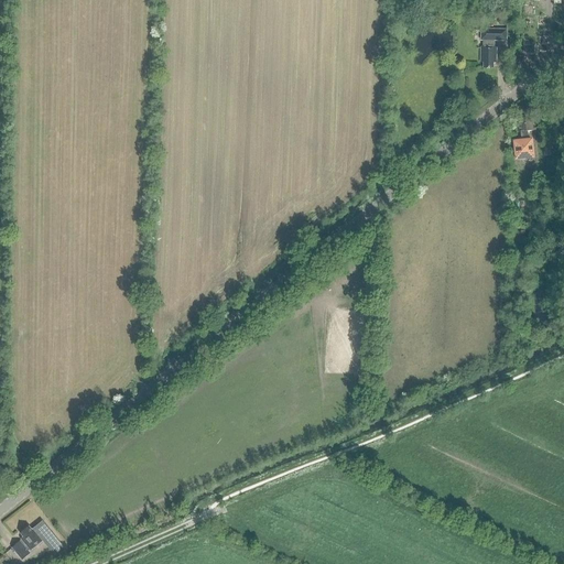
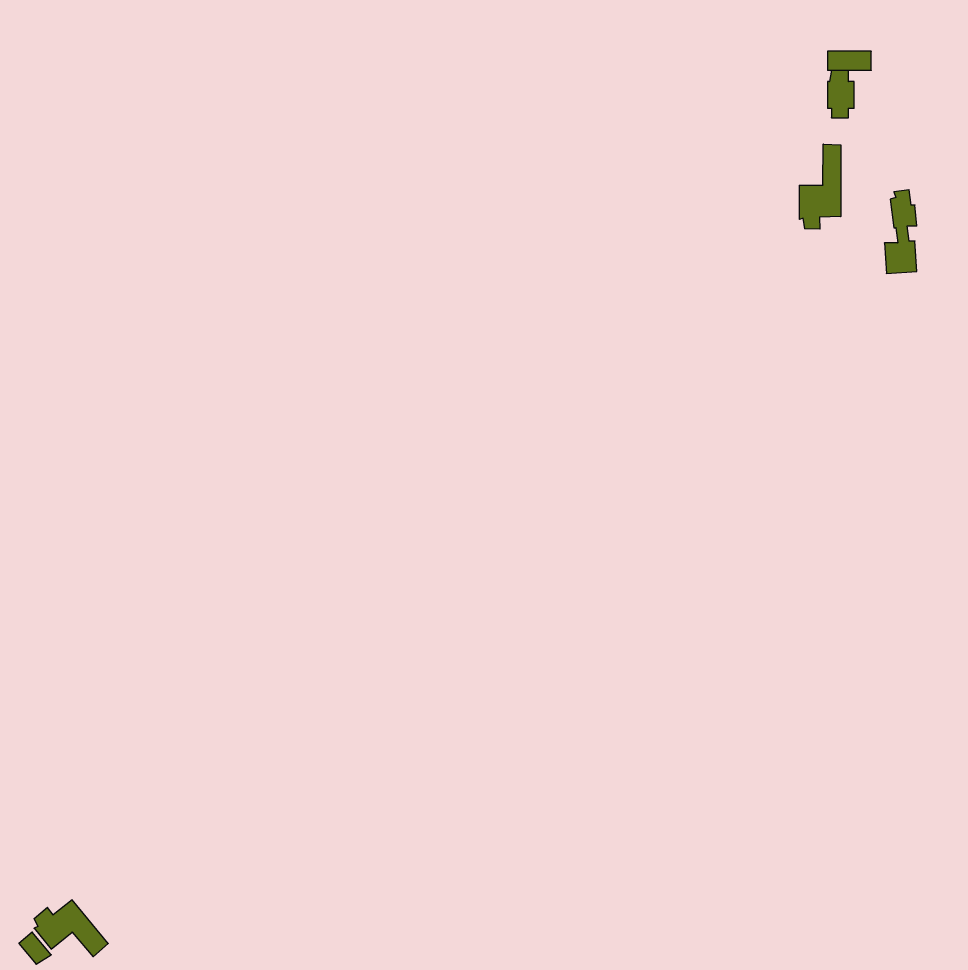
building: none -> [799,144,841,229]

